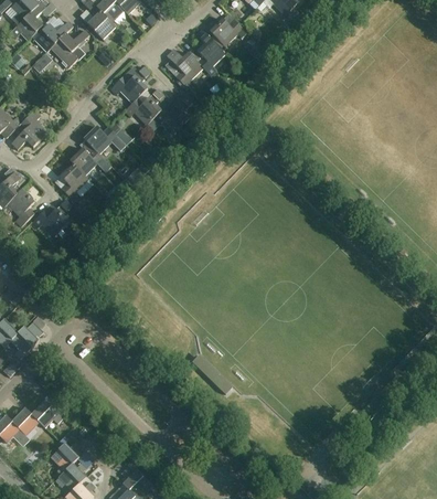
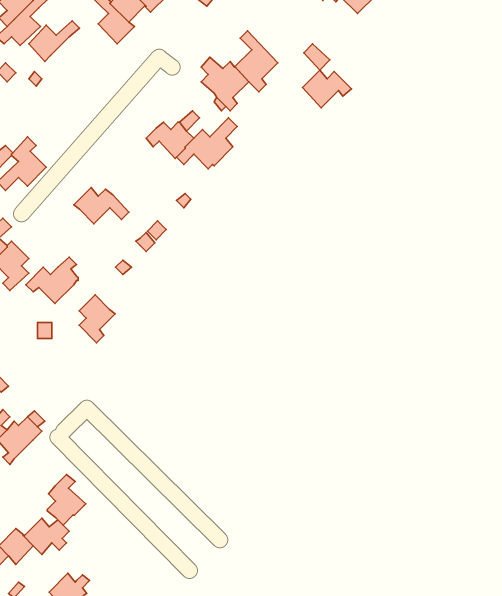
building: [209,18,246,46] -> [302,70,352,108]
building: [51,30,89,68] -> none
building: [110,66,149,103] -> none
building: [83,126,126,153] -> none
building: [61,164,88,201] -> [79,295,115,343]
building: none -> [47,474,86,525]

